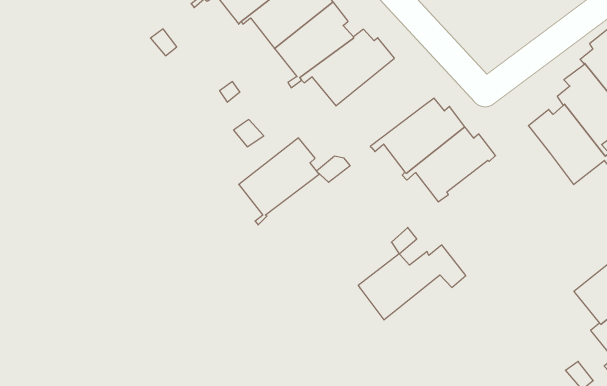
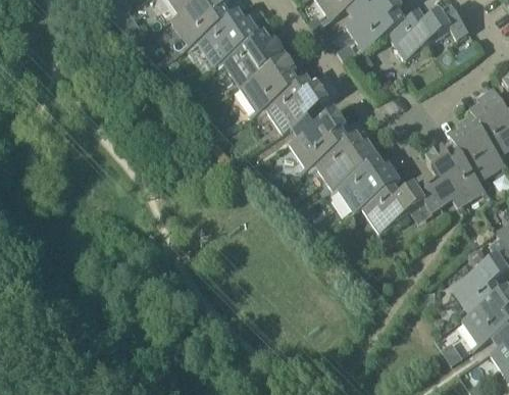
building: [239,138,319,225] -> [288,108,349,171]
building: [358,245,466,320] -> [361,178,443,231]

